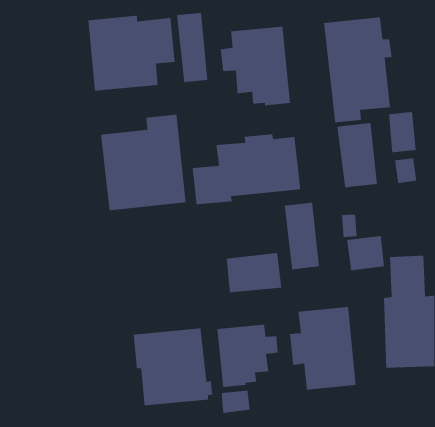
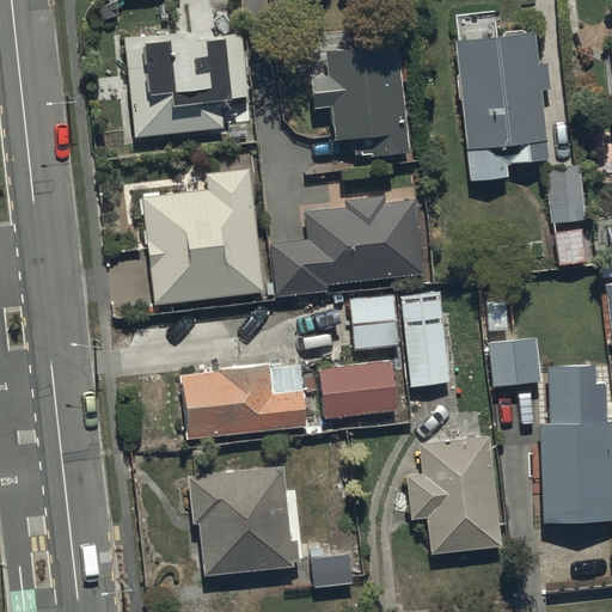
building: [176,12,208,83] -> none
building: [337,122,378,188] -> none
building: none -> [349,294,398,349]
building: none -> [179,363,306,440]
building: [217,324,279,388] -> none

